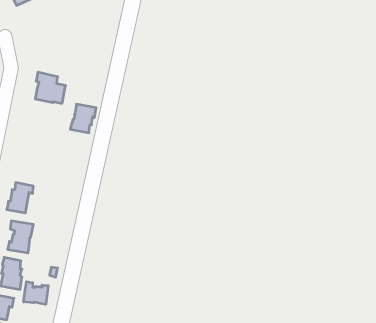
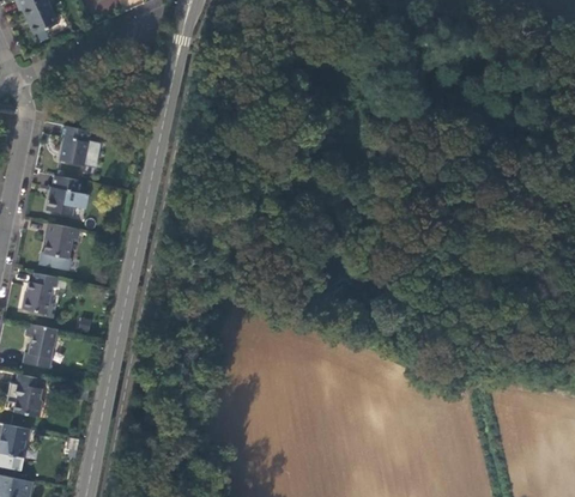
building: [70,104,96,133] -> [47,176,81,214]
building: none -> [44,223,79,259]
building: [24,282,48,304] -> none

